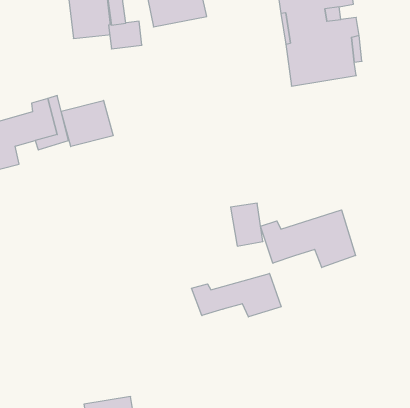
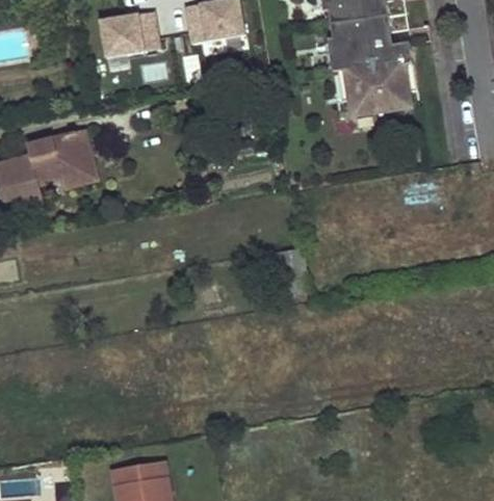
building: [61,100,113,147] -> none
building: [261,210,356,268] -> none
building: [192,273,281,317] -> none

